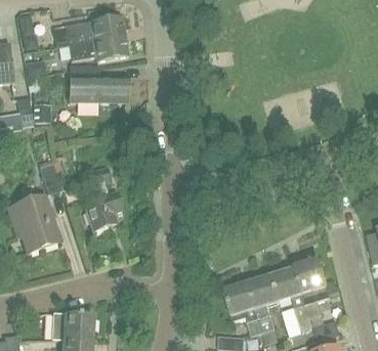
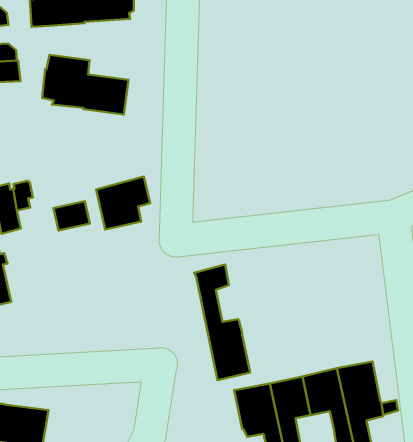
building: [68,34,127,60] -> none
building: [83,190,122,230] -> [96,176,150,230]
building: none -> [194,265,250,380]

